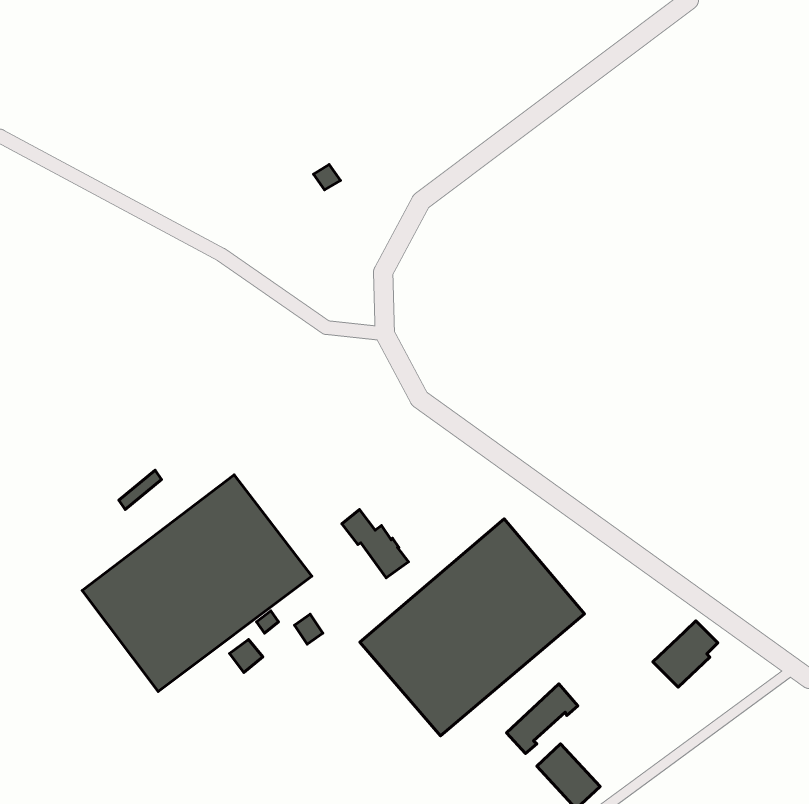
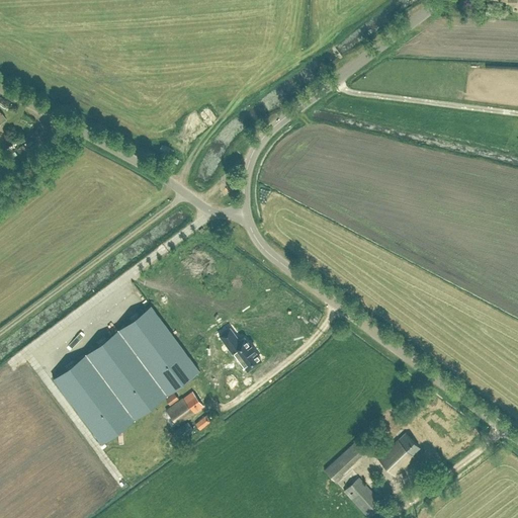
building: [360,519,584,736] -> none
building: [653,621,718,687] -> [377,435,419,478]

